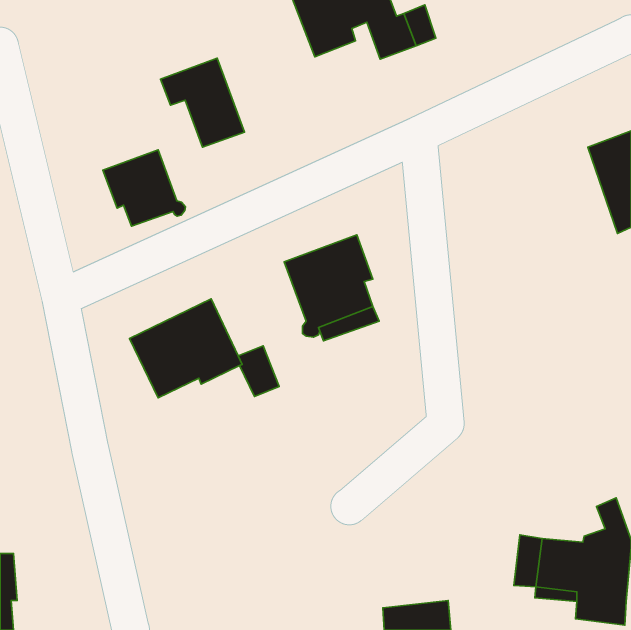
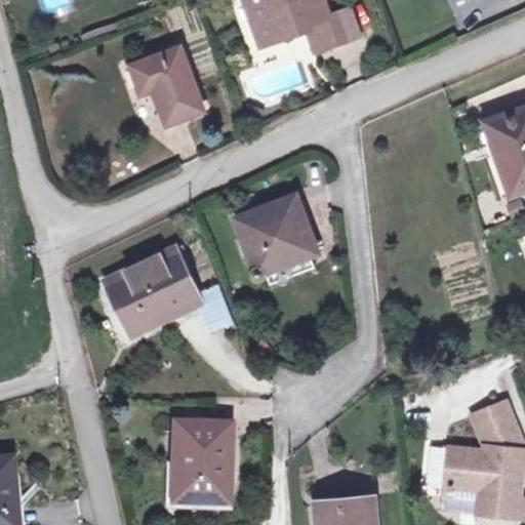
building: [103,150,186,226] -> none
building: none -> [474,400,512,445]
building: none -> [174,425,230,501]

